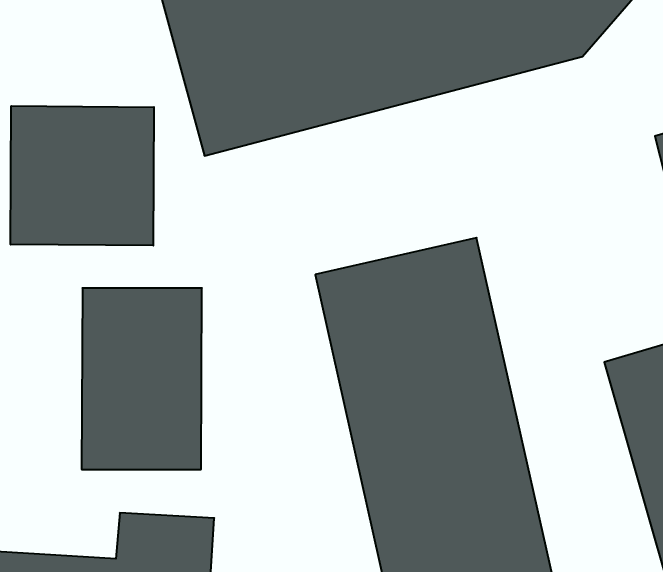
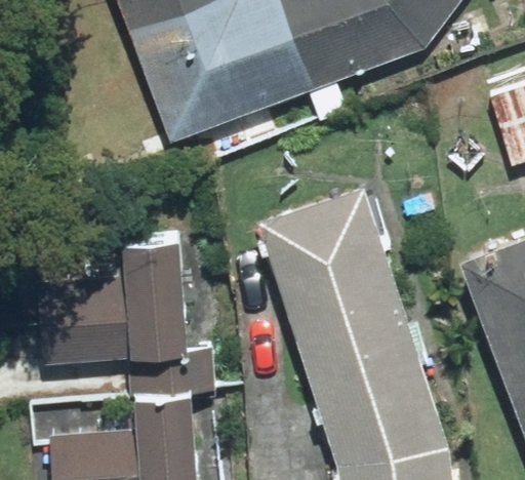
building: [11,106,154,246] -> none

